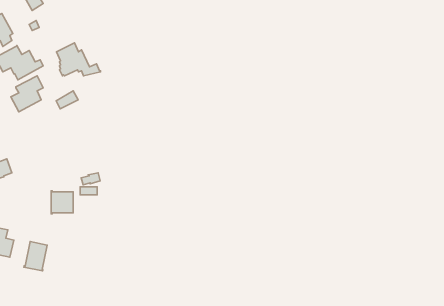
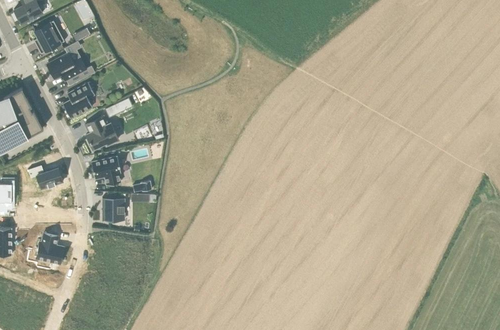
building: [56,43,101,76] -> [85,115,129,148]
building: none -> [91,155,121,185]
building: [24,242,47,271] -> none

